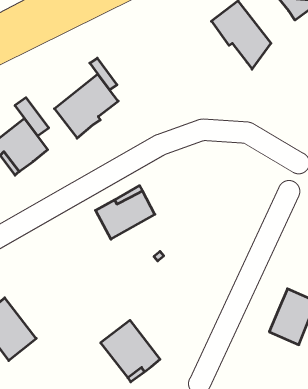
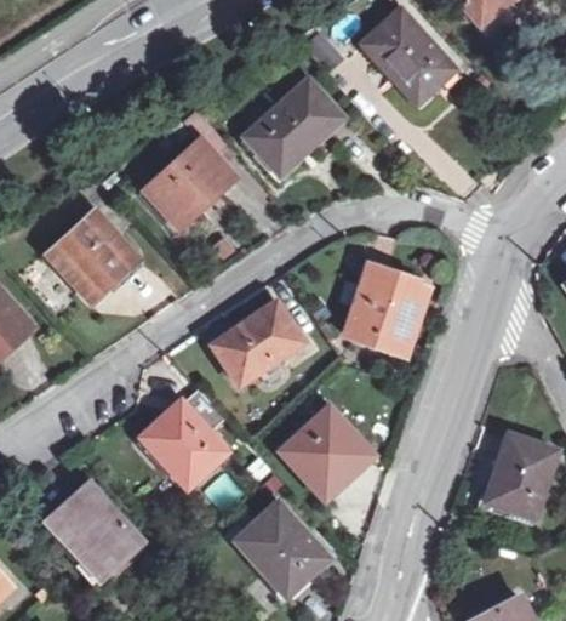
building: none -> [241,80,341,183]
building: none -> [345,264,419,351]
building: none -> [142,388,225,485]
building: none -> [284,408,370,488]

